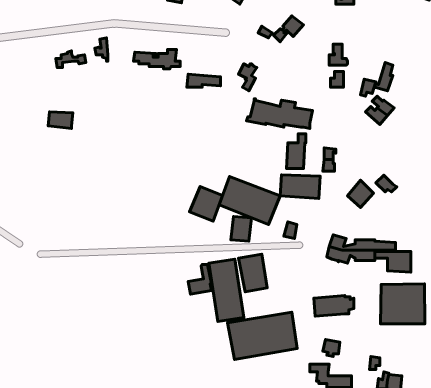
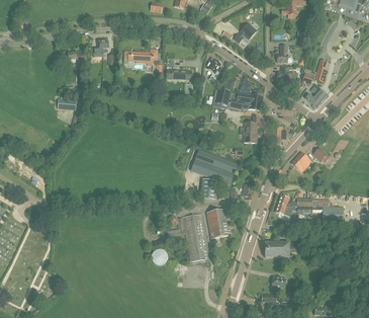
building: [280,175,320,199] -> none
building: [190,187,223,221] -> none
building: [381,284,425,324] -> none
building: [228,312,297,359] -> none

